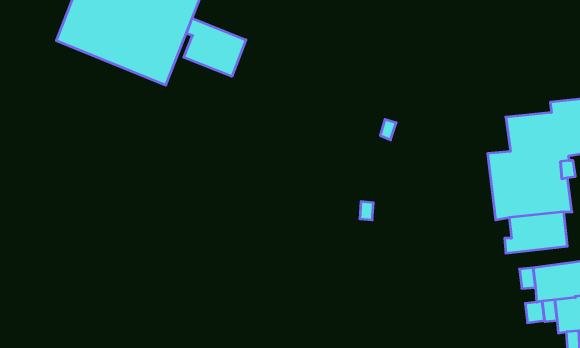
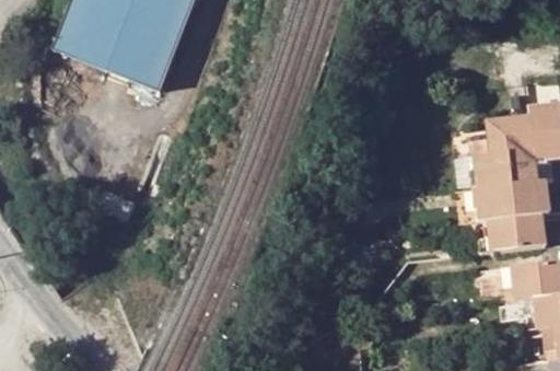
building: [184,18,246,76] -> none

